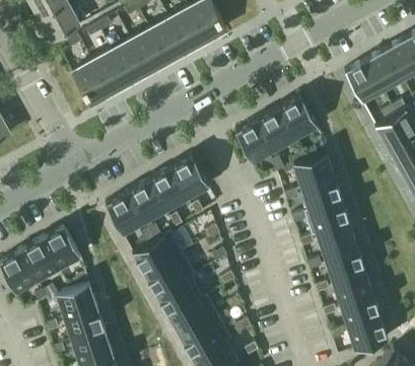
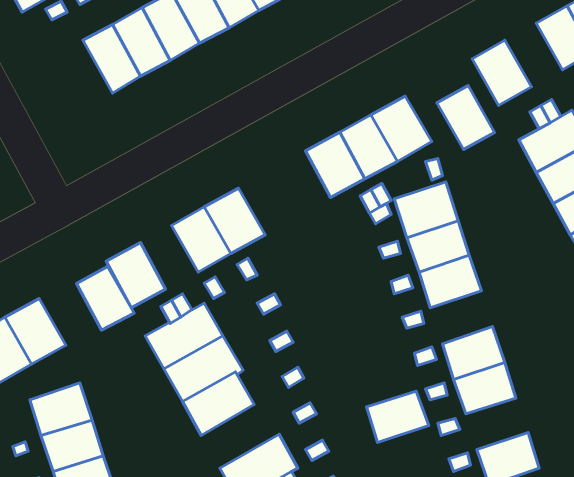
building: [366,50,404,91] -> [437,86,494,149]
building: [72,61,111,105] -> none
building: [129,181,166,223] -> [76,266,134,330]
building: [318,224,358,259] -> none
building: [341,294,382,327] -> [366,391,429,443]
building: [168,295,219,340] -> none

